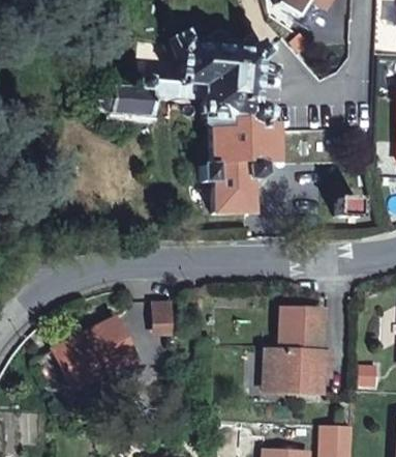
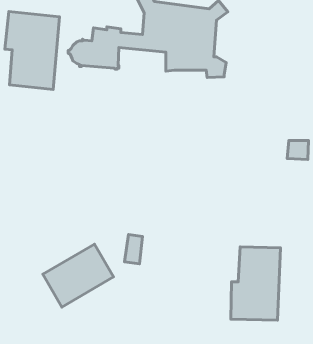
building: none -> [5,11,60,89]
building: [199,119,274,215] -> none

